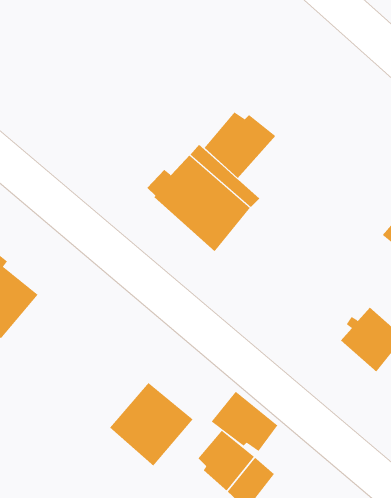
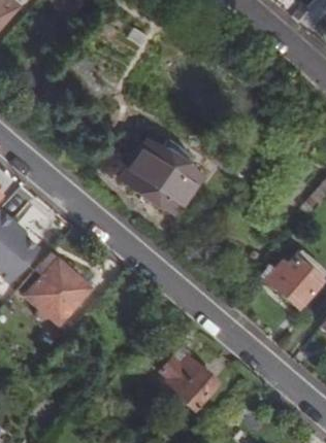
building: [204,112,276,179] -> none
building: [109,382,193,466] -> [23,260,88,325]
building: [211,391,278,452] -> none

